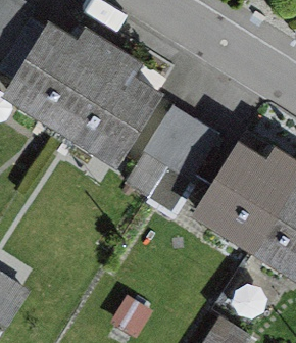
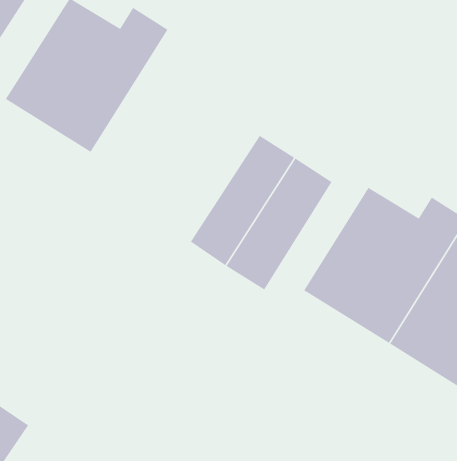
building: [62,47,158,159] -> none

